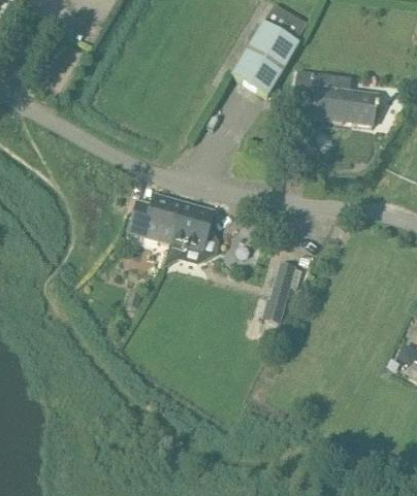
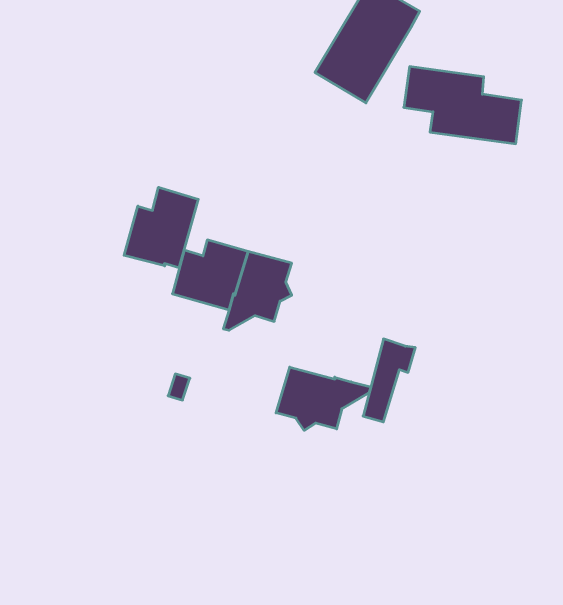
building: none -> [124,187,198,268]
building: none -> [276,367,371,430]

